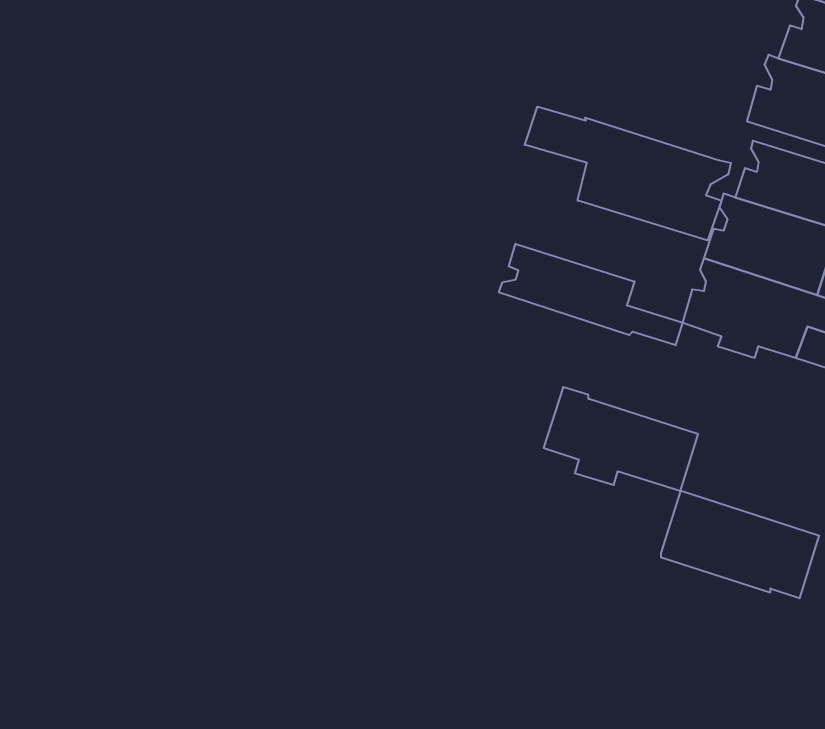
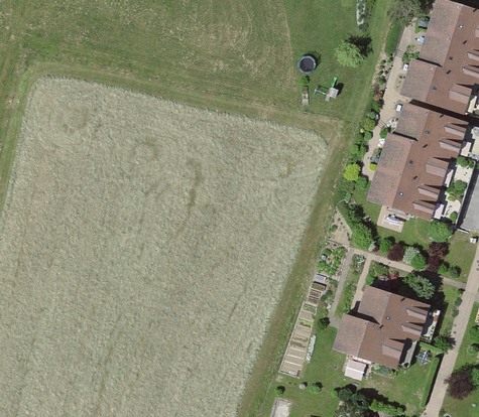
building: [525,107,731,240] -> none
building: [499,244,682,345] -> none
building: [544,387,698,491] -> [332,312,411,366]

